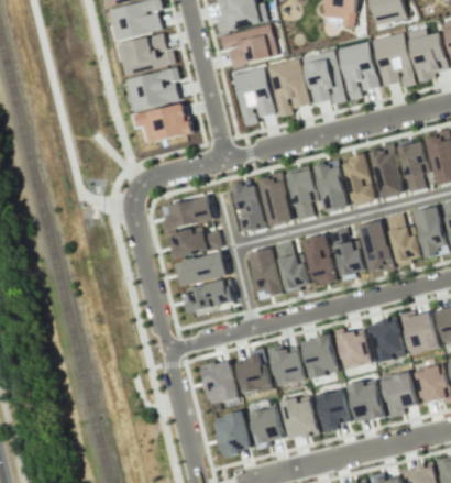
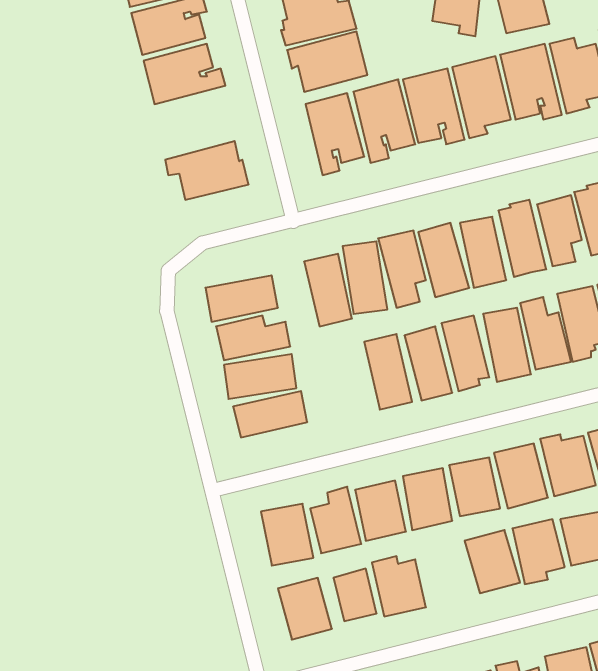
building: [125,67,178,110] -> none
building: [248,248,282,299] -> none
building: [314,389,350,432] -> none

